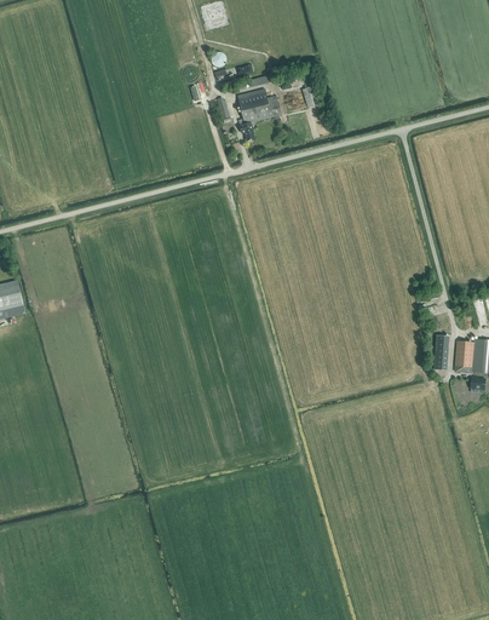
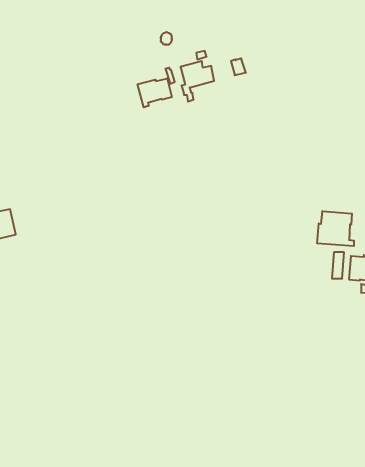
building: none -> [138,78,172,107]
building: none -> [317,211,354,246]

